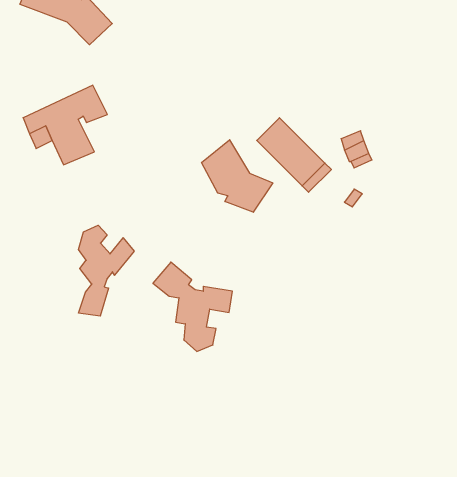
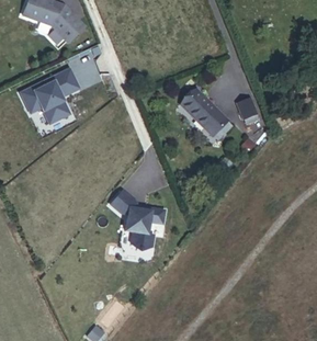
building: [202,140,273,212] -> none
building: [78,225,134,316] -> none

